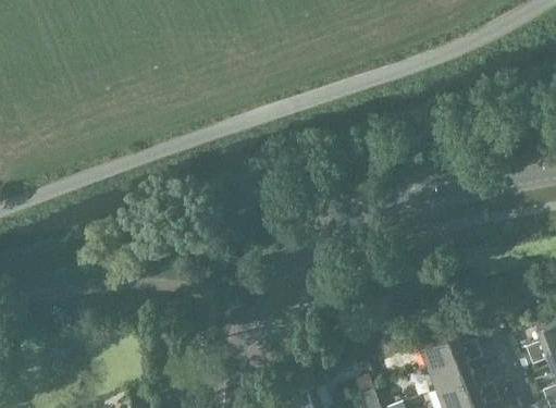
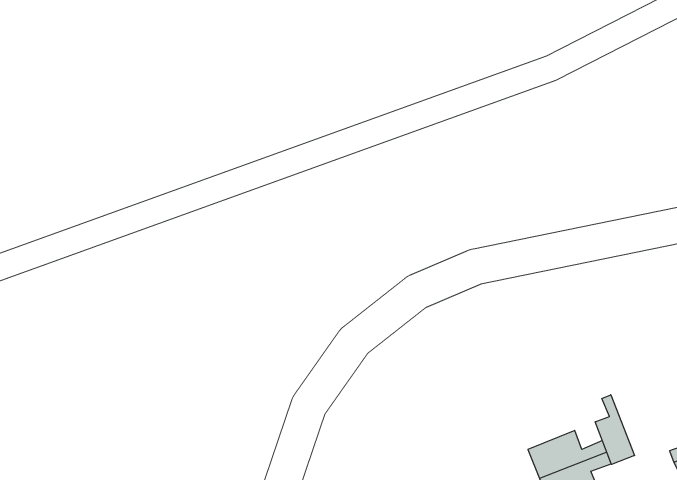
building: none -> [595,395,635,464]

